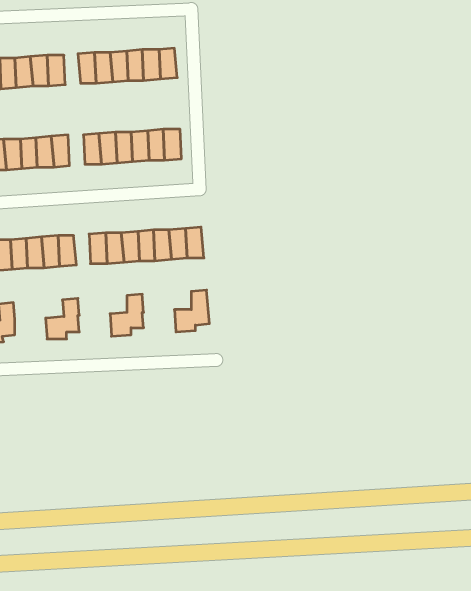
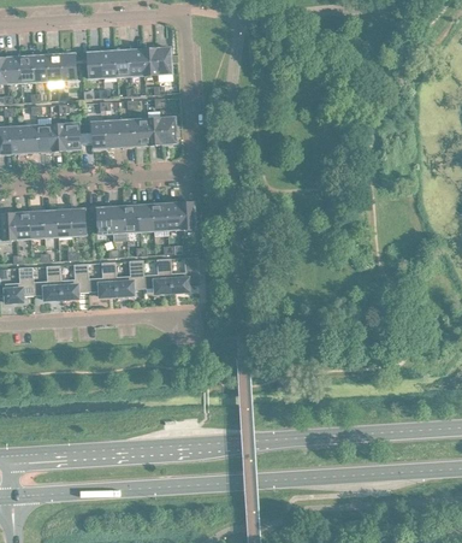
building: none -> [142,258,171,293]
building: none -> [87,261,116,295]
building: none -> [32,264,60,299]

